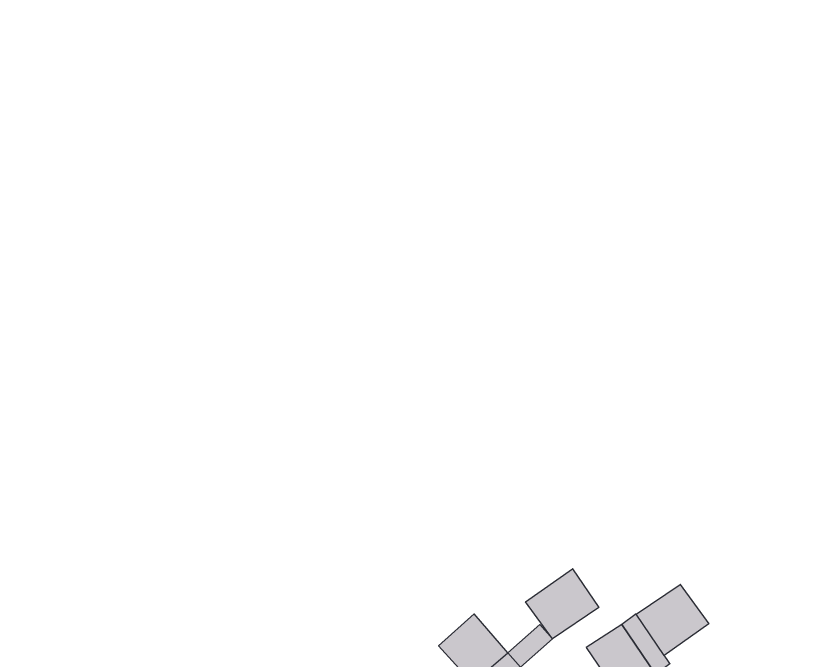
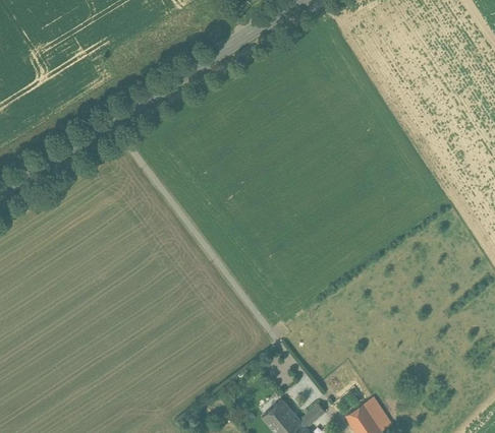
building: [526,569,599,639] -> none
building: [636,584,709,655] -> none

